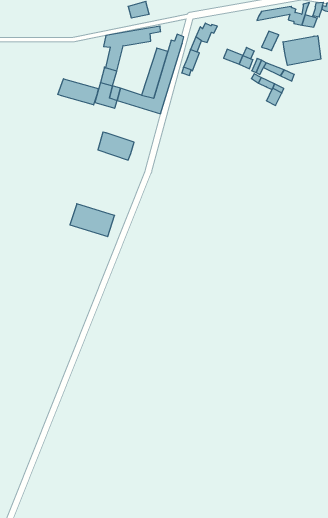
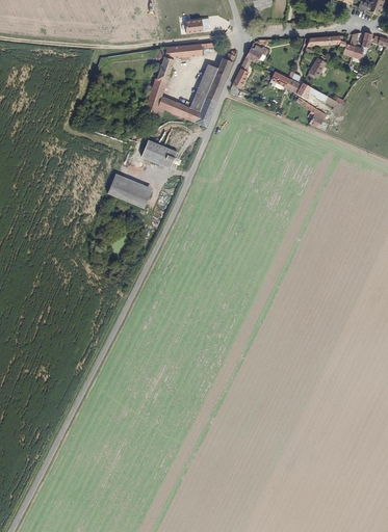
building: [283,36,321,65] -> none
building: [58,79,98,105] -> none
building: [70,204,115,237] -> [107,174,151,208]

